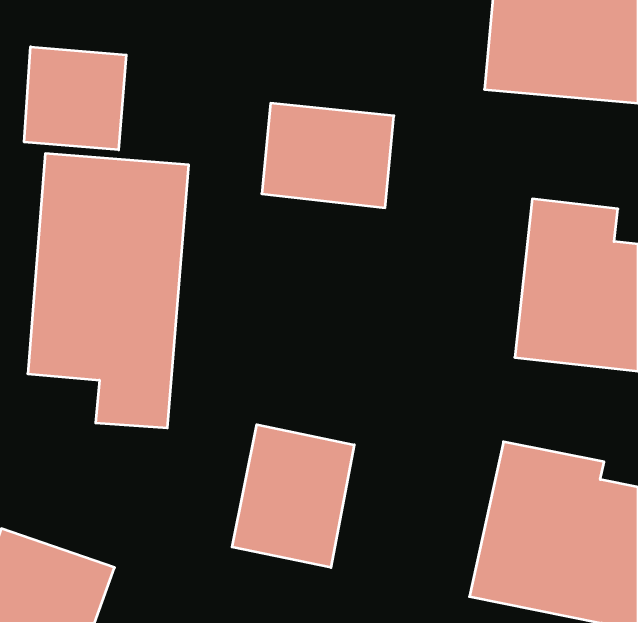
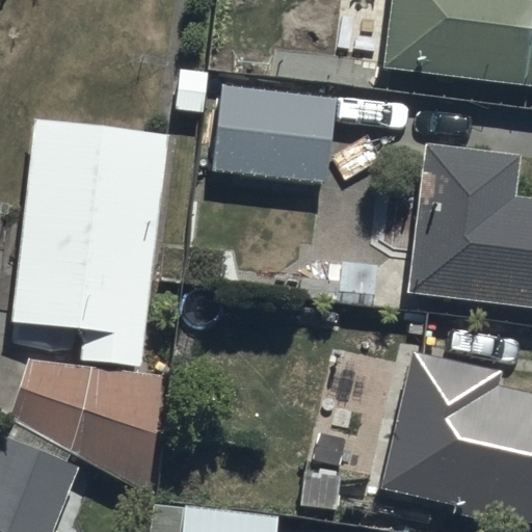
building: [24,47,126,150] -> none
building: [232,425,354,568] -> none
building: none -> [21,360,155,488]

